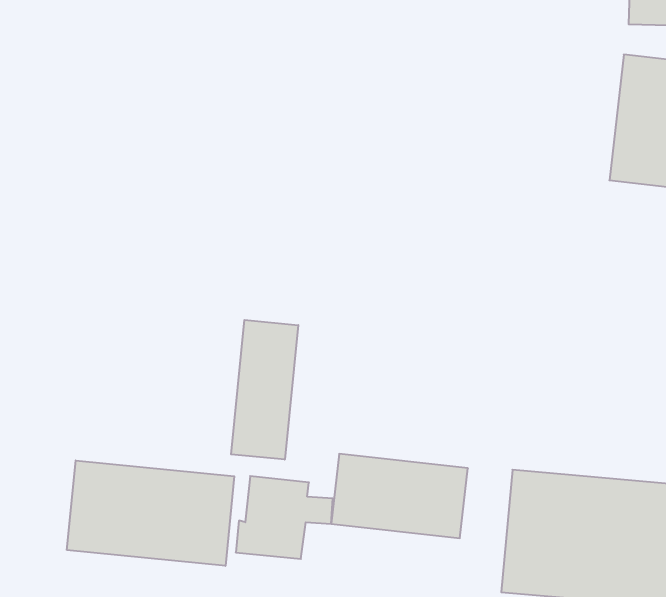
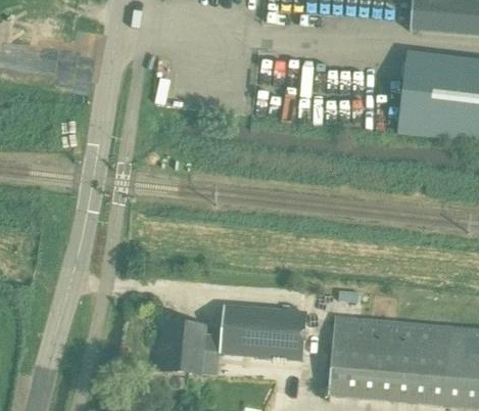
building: [231,320,298,460] -> none
building: [67,460,234,566] -> none

